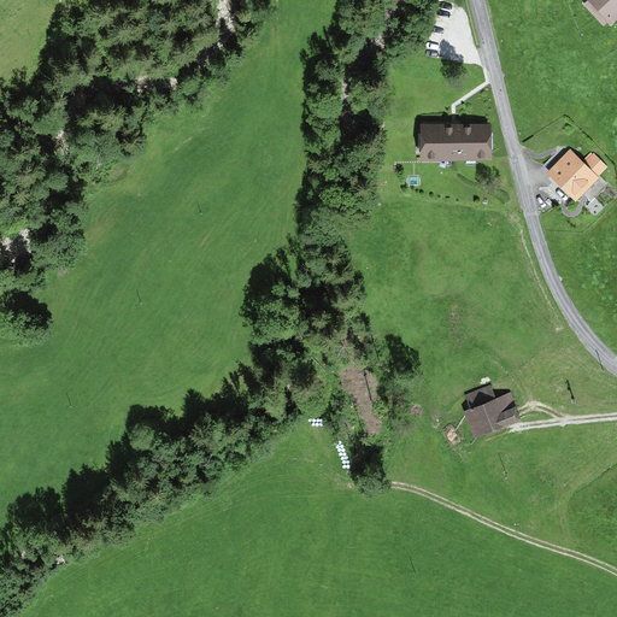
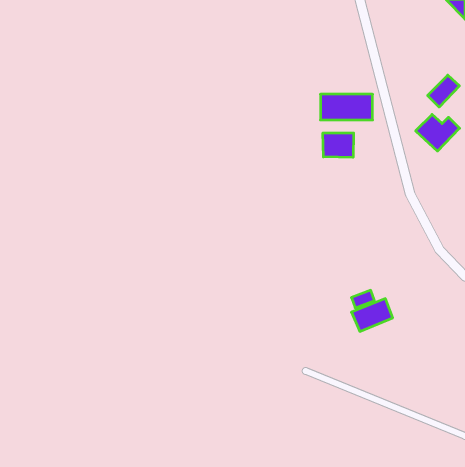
building: none -> [428,75,459,107]
building: none -> [323,133,354,157]

